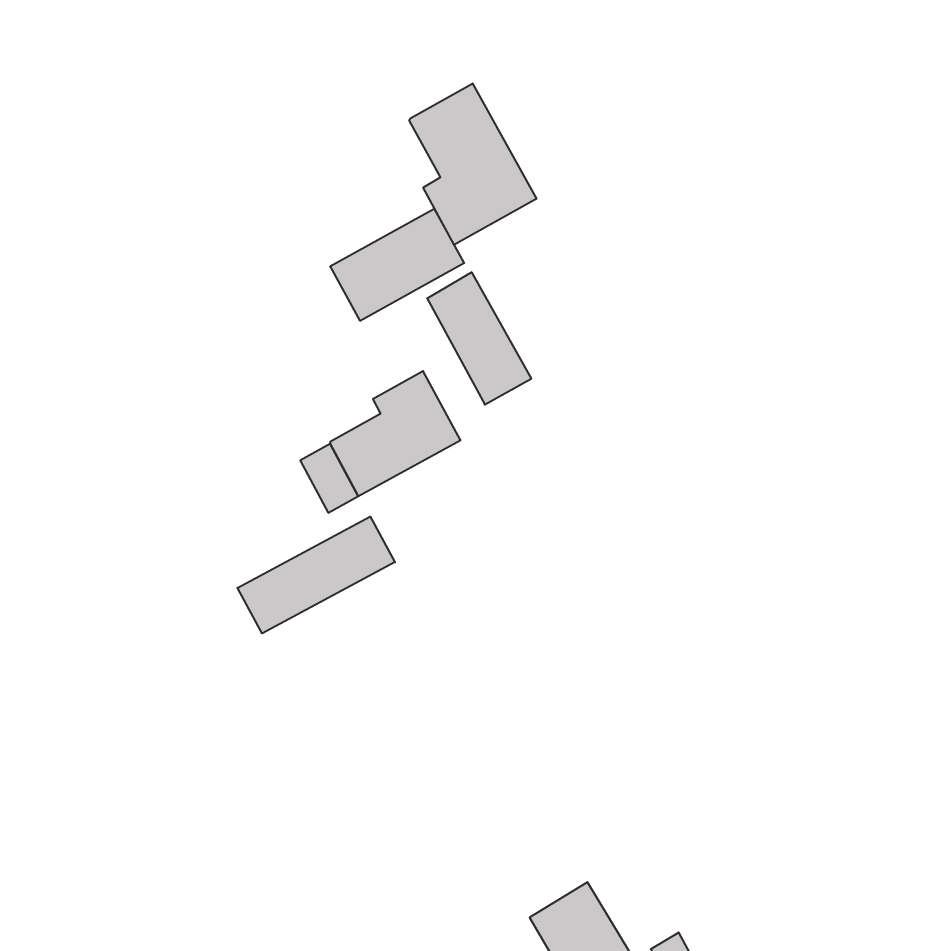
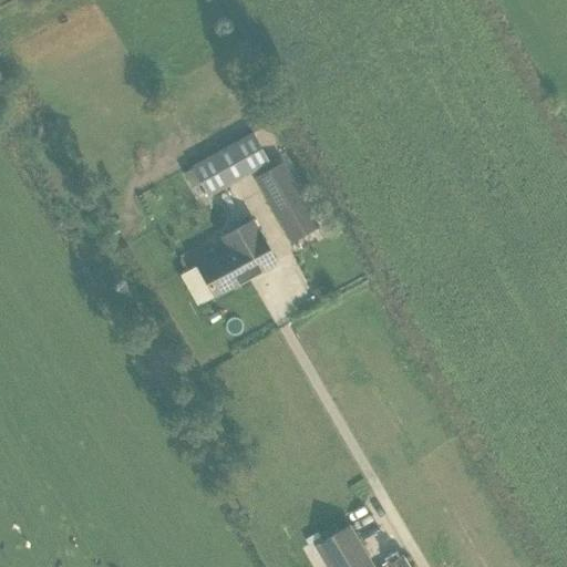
building: [409,83,536,245] -> none
building: [237,517,395,633] -> none

